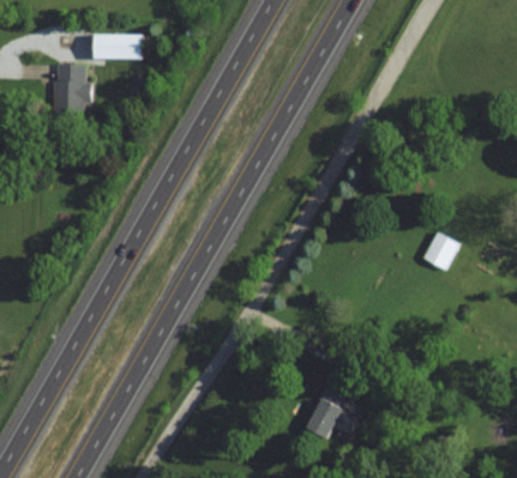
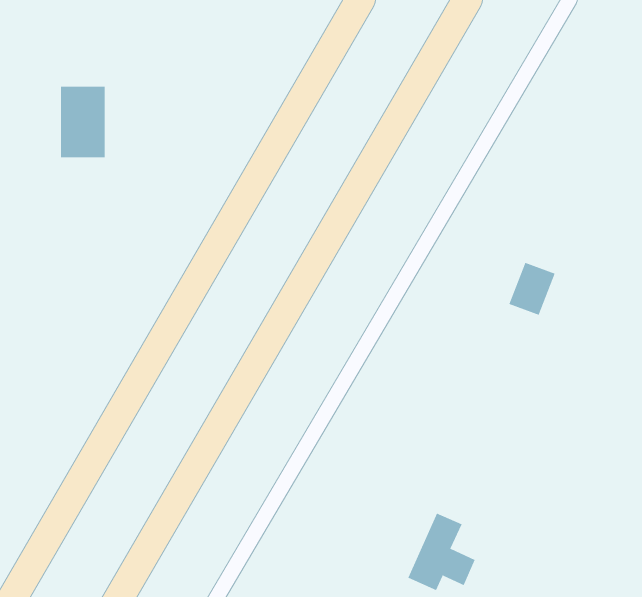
building: [94,34,142,59] -> none
building: [423,231,458,271] -> [508,262,556,316]

